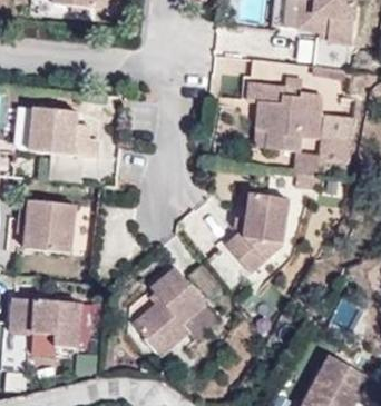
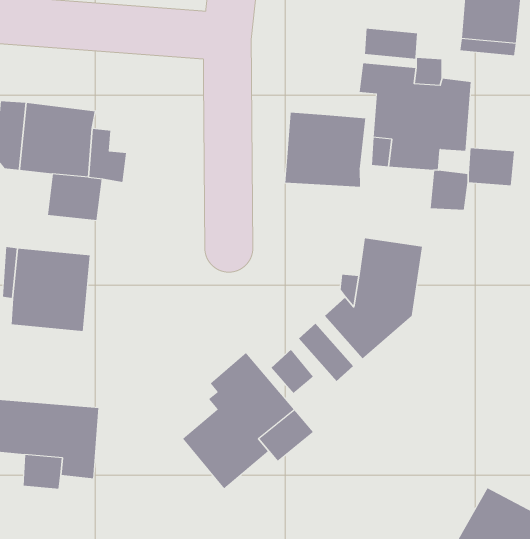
building: none -> [285,112,366,188]

